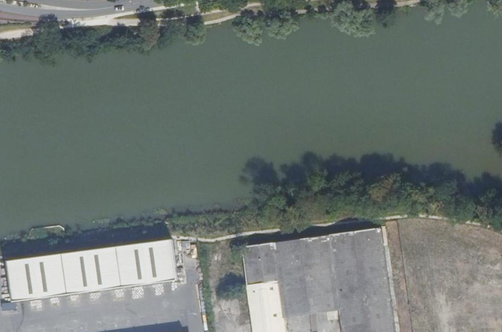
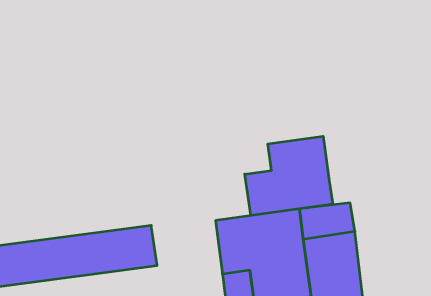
building: none -> [245,136,333,215]

